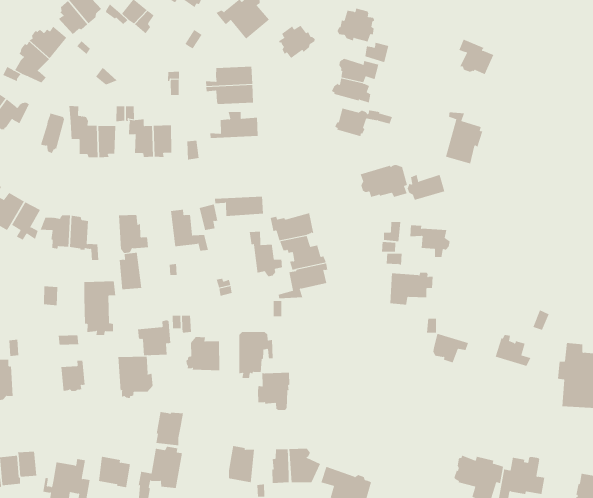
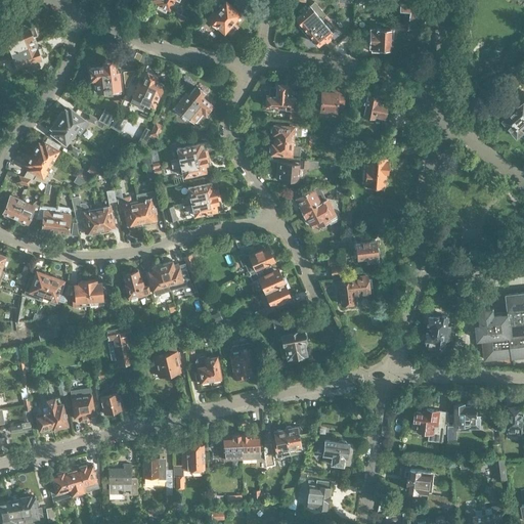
building: [279,25,315,59] -> none
building: none -> [317,90,344,112]
building: none -> [36,205,57,233]
building: [407,174,445,201] -> [294,187,323,211]
building: [214,196,264,217] -> [182,195,222,216]
building: [249,231,282,277] -> none
building: [119,252,142,290] -> [148,264,170,295]
building: [432,333,469,363] -> [427,332,453,352]
building: none -> [70,388,94,422]
building: [118,356,153,399] -> none
building: [257,372,290,411] -> [280,331,306,361]
building: [155,411,184,446] -> [222,434,242,461]

